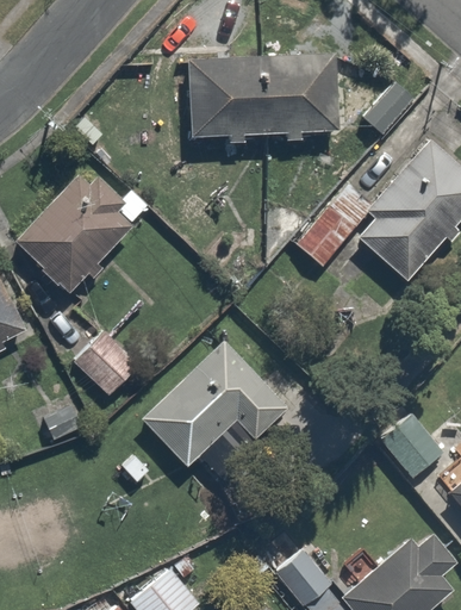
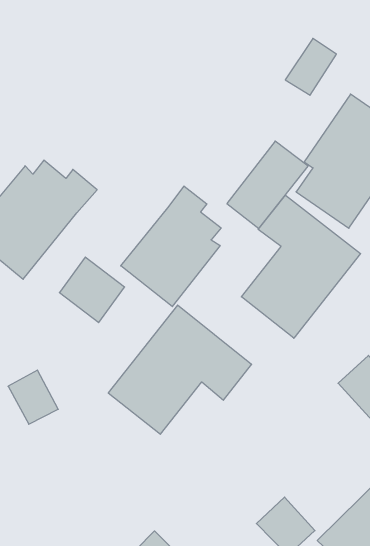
building: [185,52,341,139] -> none
building: none -> [121,186,221,307]
building: none -> [241,195,361,338]
building: [71,328,139,397] -> [59,257,125,323]

